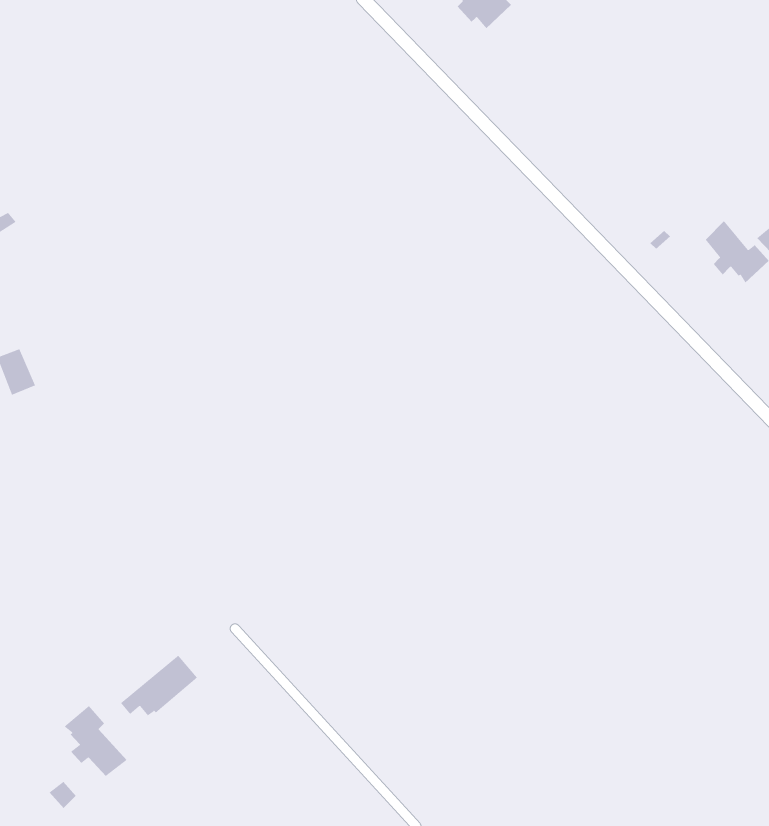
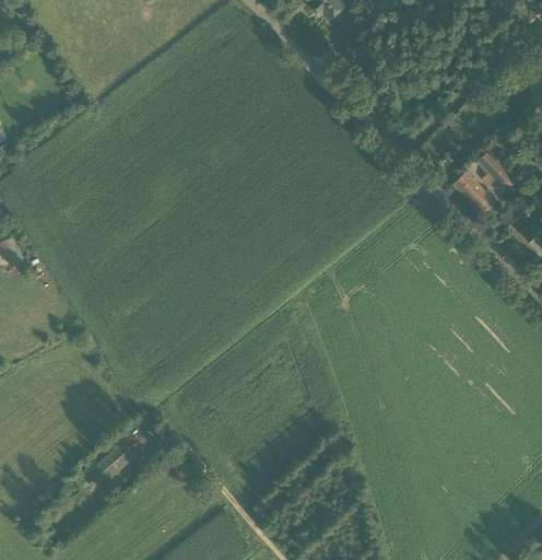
building: none -> [452,171,495,214]
building: [64,705,128,777] -> none

